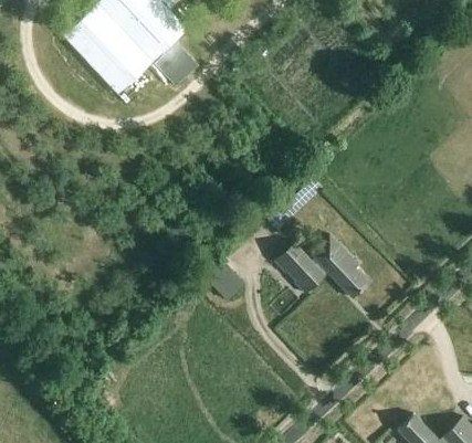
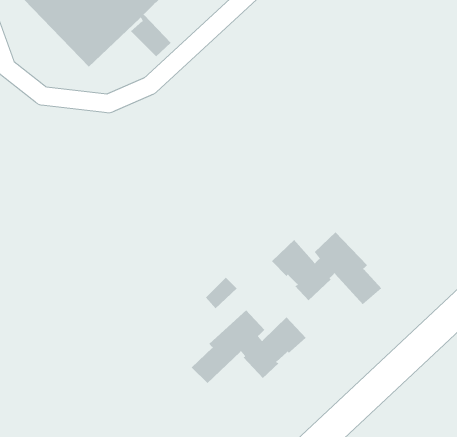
building: none -> [191,309,307,384]

